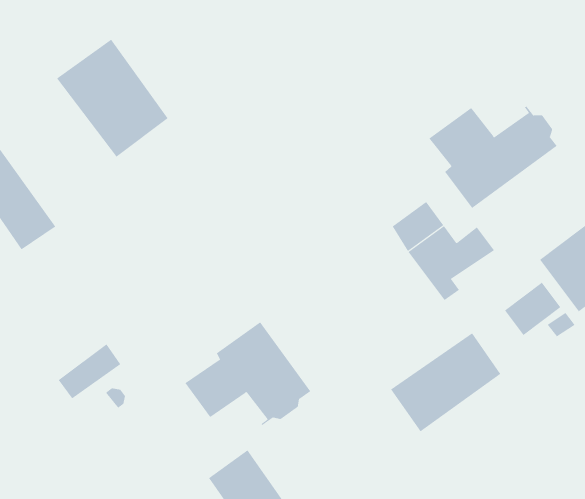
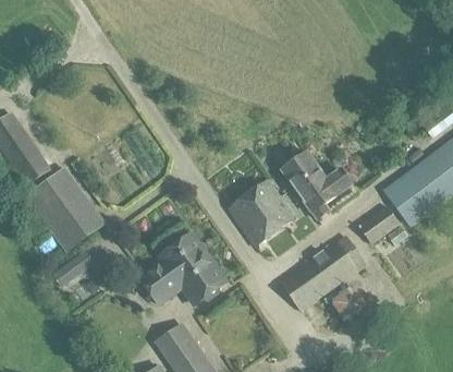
building: [56,39,168,158] -> [26,167,103,249]
building: [428,106,557,209] -> none
building: none -> [228,179,295,245]
building: none -> [321,281,358,319]

